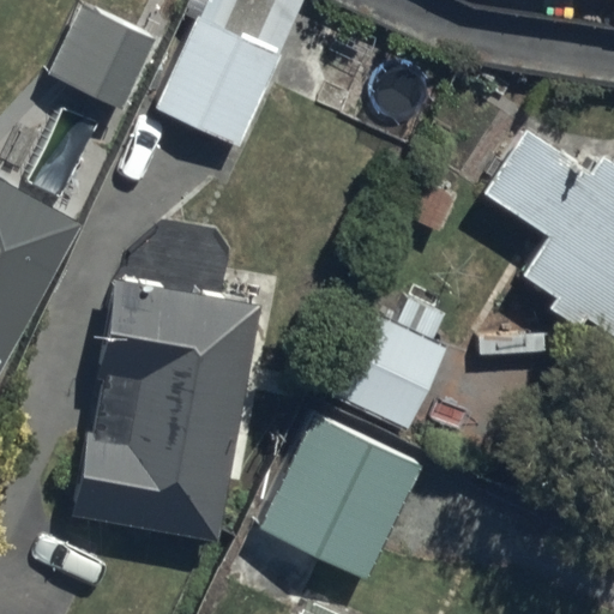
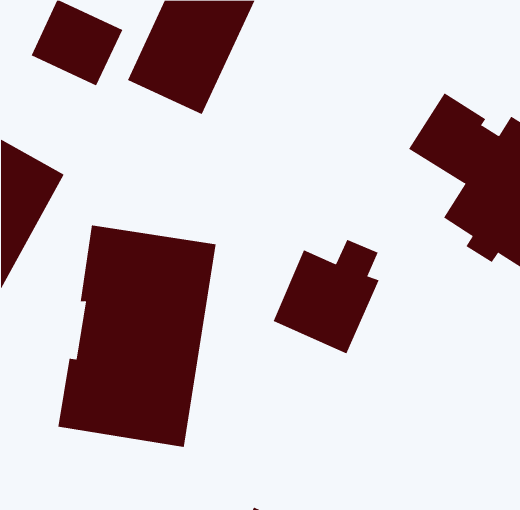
building: [259,413,423,582] -> none

